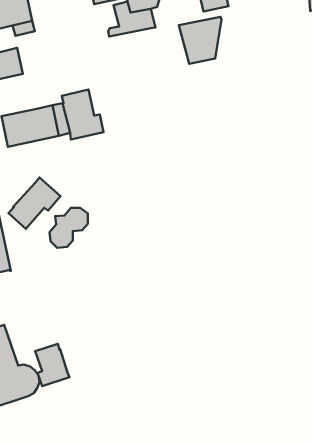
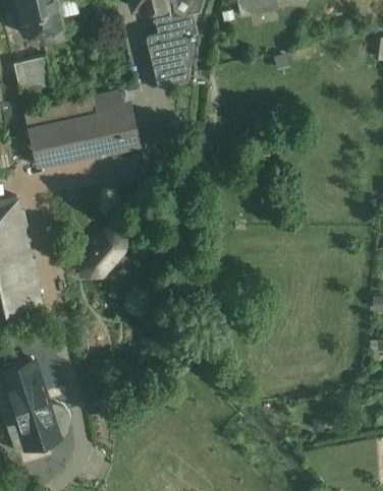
building: [179,17,222,64] -> [147,34,194,85]
building: [9,178,60,229] -> none
building: [35,344,70,386] -> none

